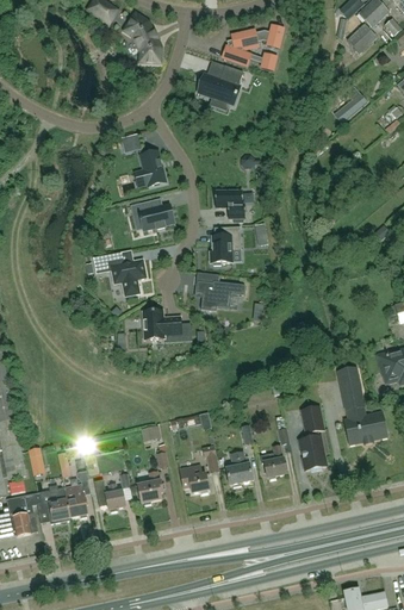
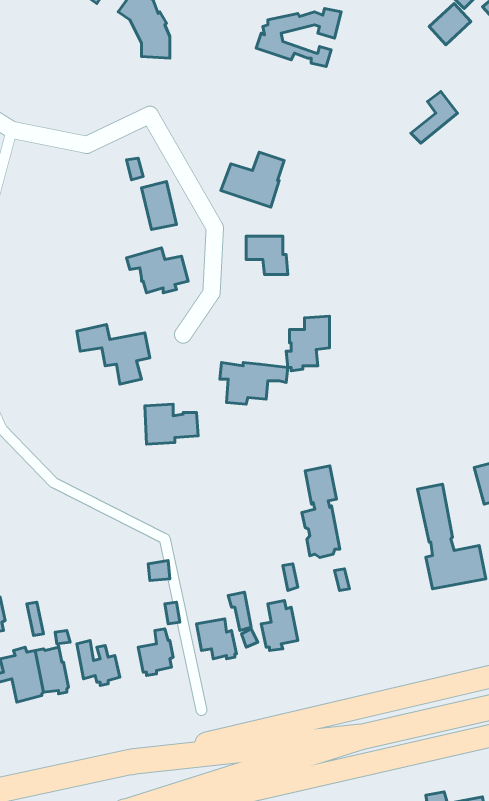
building: [197,66,242,105] -> [221,152,284,207]
building: [209,226,240,266] -> [286,316,329,371]
building: [298,406,325,472] -> [302,466,340,557]
building: [259,446,286,480] -> none

